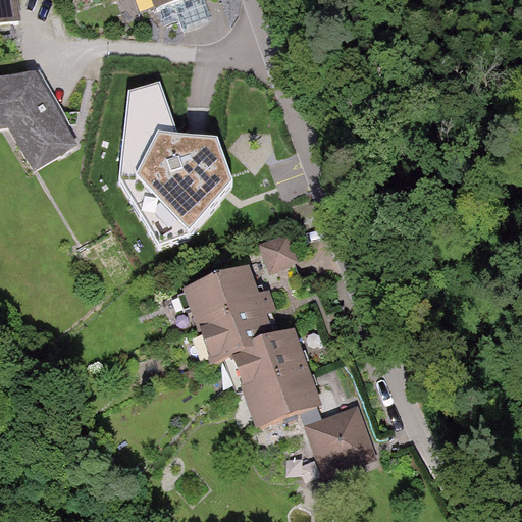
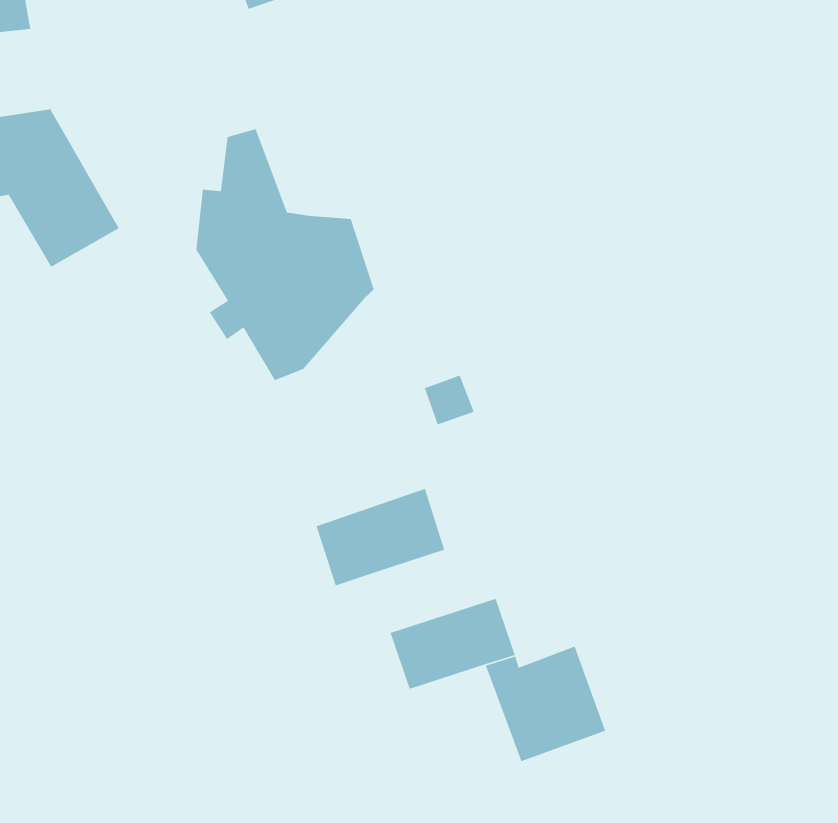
building: [182,265,264,326] -> none
building: [229,335,308,393] -> none

